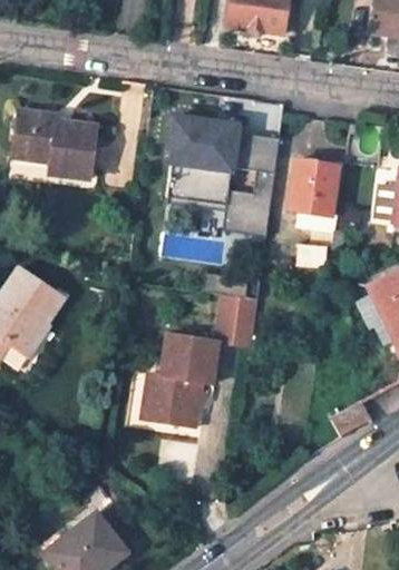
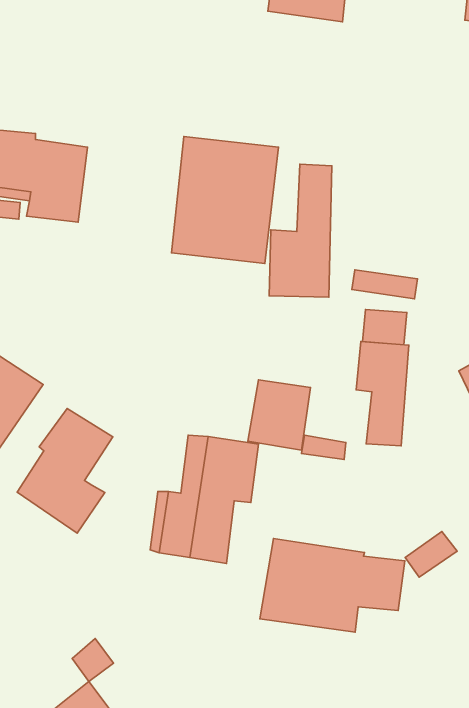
building: [289,158,339,215] -> none
building: none -> [356,342,409,446]
building: none -> [17,408,113,533]
building: none -> [260,539,405,632]

